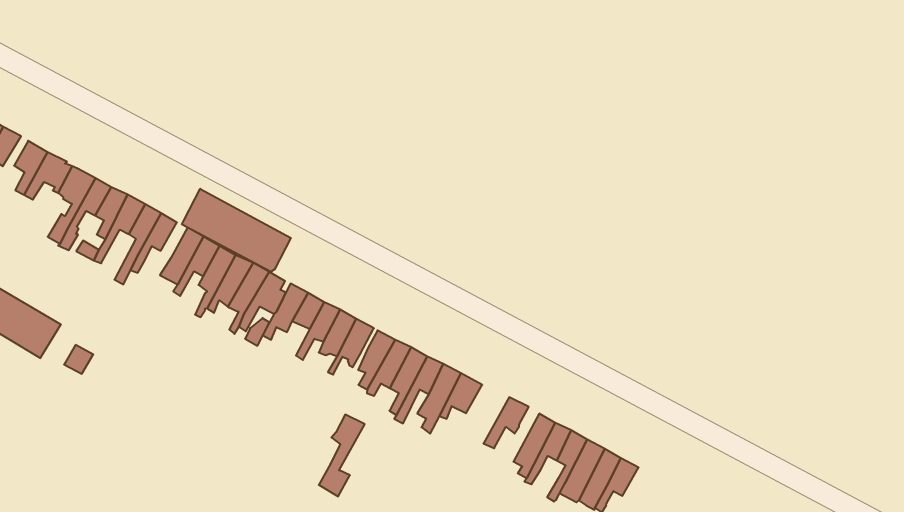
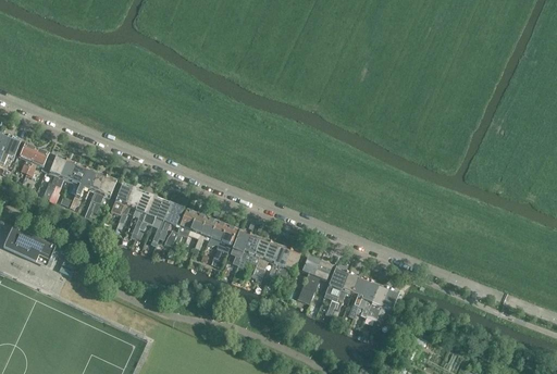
building: [182,189,291,272] -> none
building: [319,415,365,496] -> [297,257,320,304]

